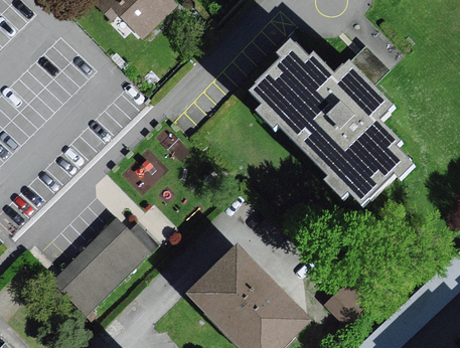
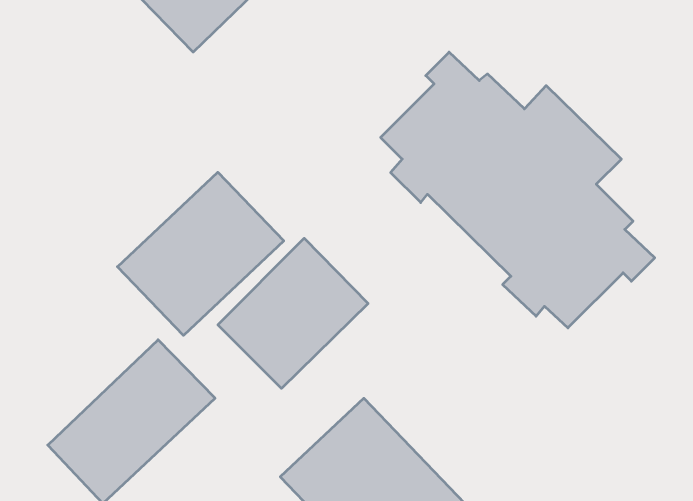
building: none -> [117,172,284,335]
building: none -> [218,238,368,388]

